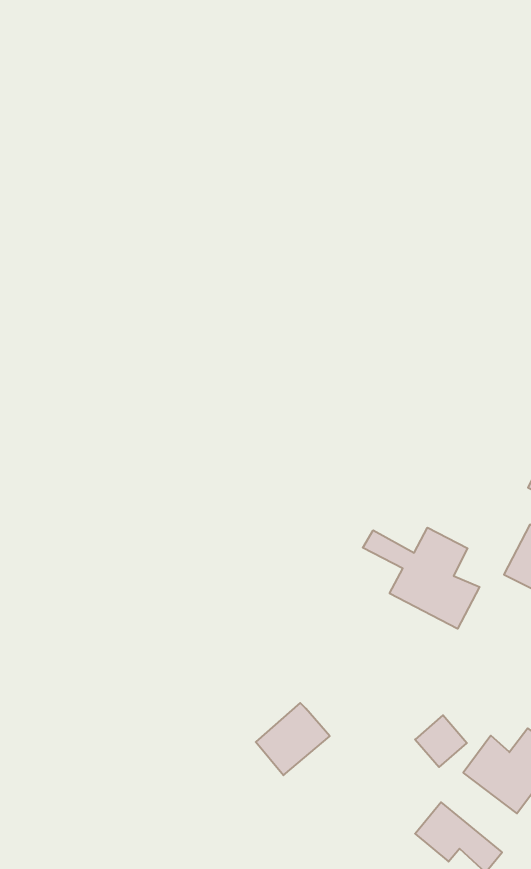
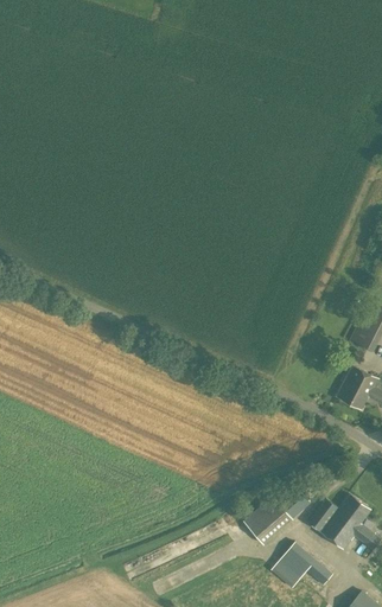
building: [363,528,480,629] -> none
building: [256,703,330,775] -> [246,498,293,544]

